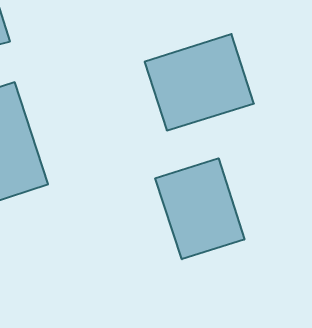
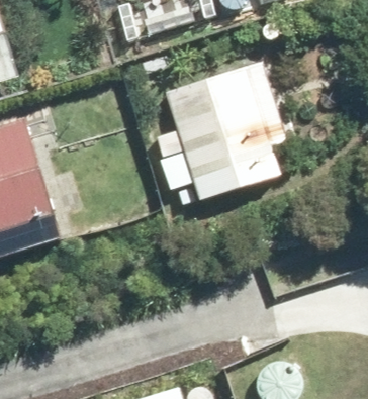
building: [155,158,244,259] -> none

